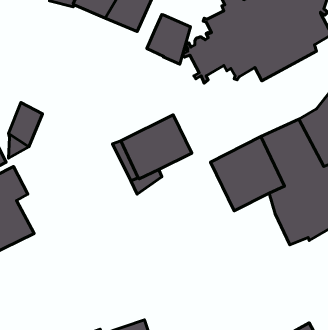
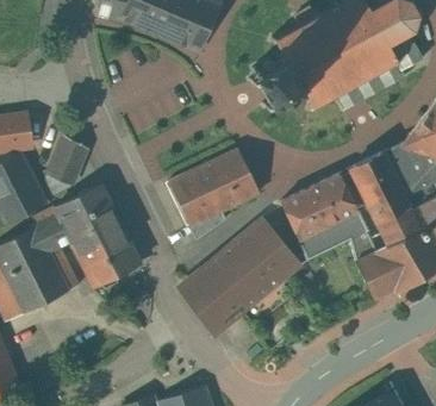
building: [147,15,191,64] -> none
building: none -> [54,183,141,286]
building: none -> [180,218,299,333]

